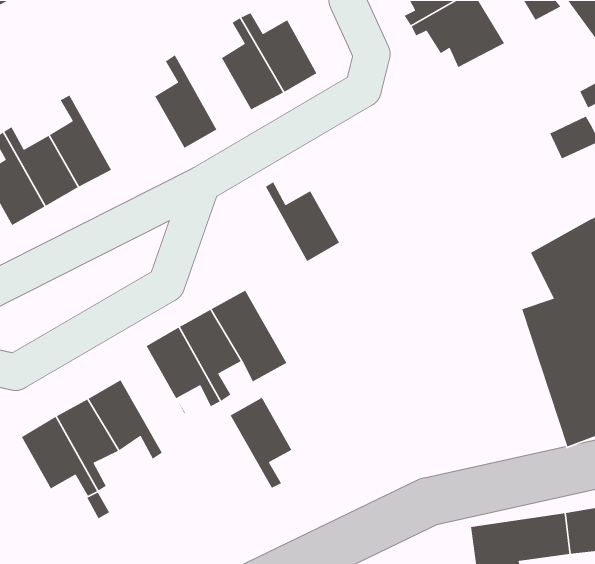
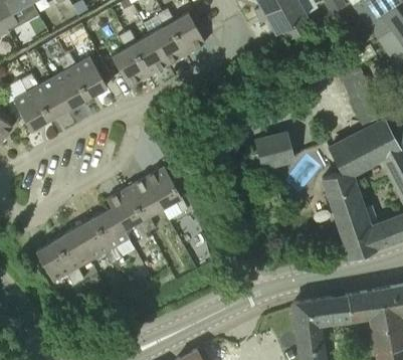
building: none -> [54,33,108,99]
building: [265,181,340,262] -> [125,29,168,75]
building: none -> [256,133,292,169]
building: [229,382,293,489] -> [93,199,130,260]

